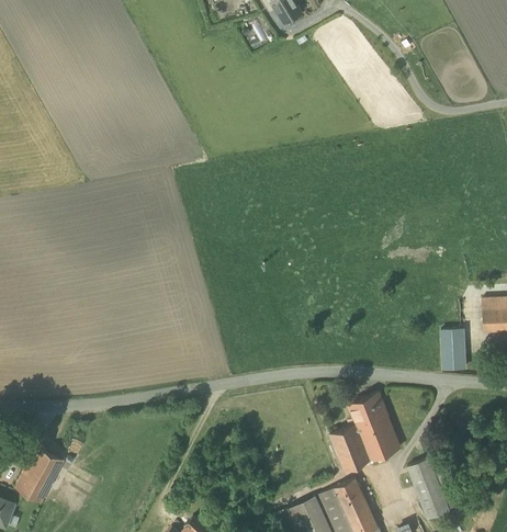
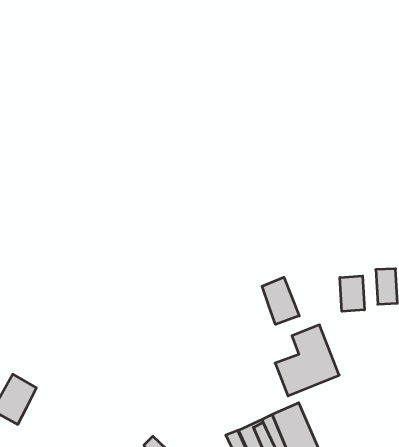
building: none -> [340,276,364,311]
building: none -> [262,277,299,324]
building: [408,460,449,519] -> none

